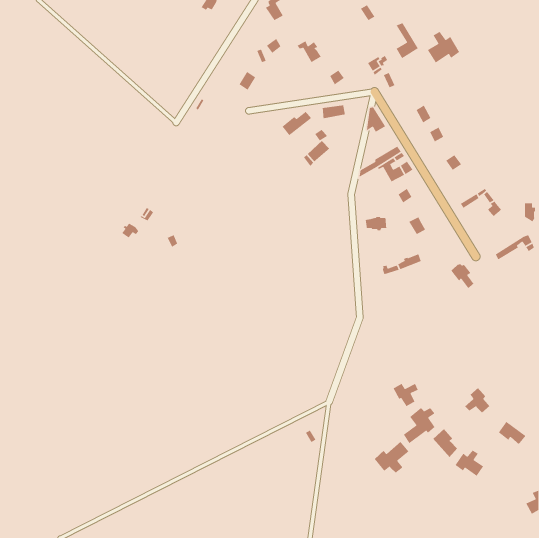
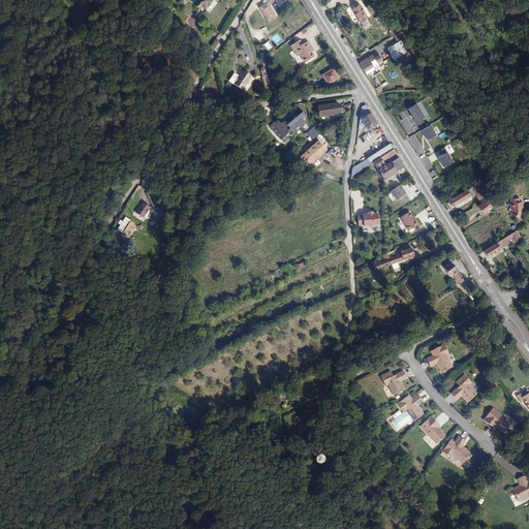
building: [427,31,460,63] -> none
building: none -> [430,348,456,376]
building: [374,441,410,474] -> none

